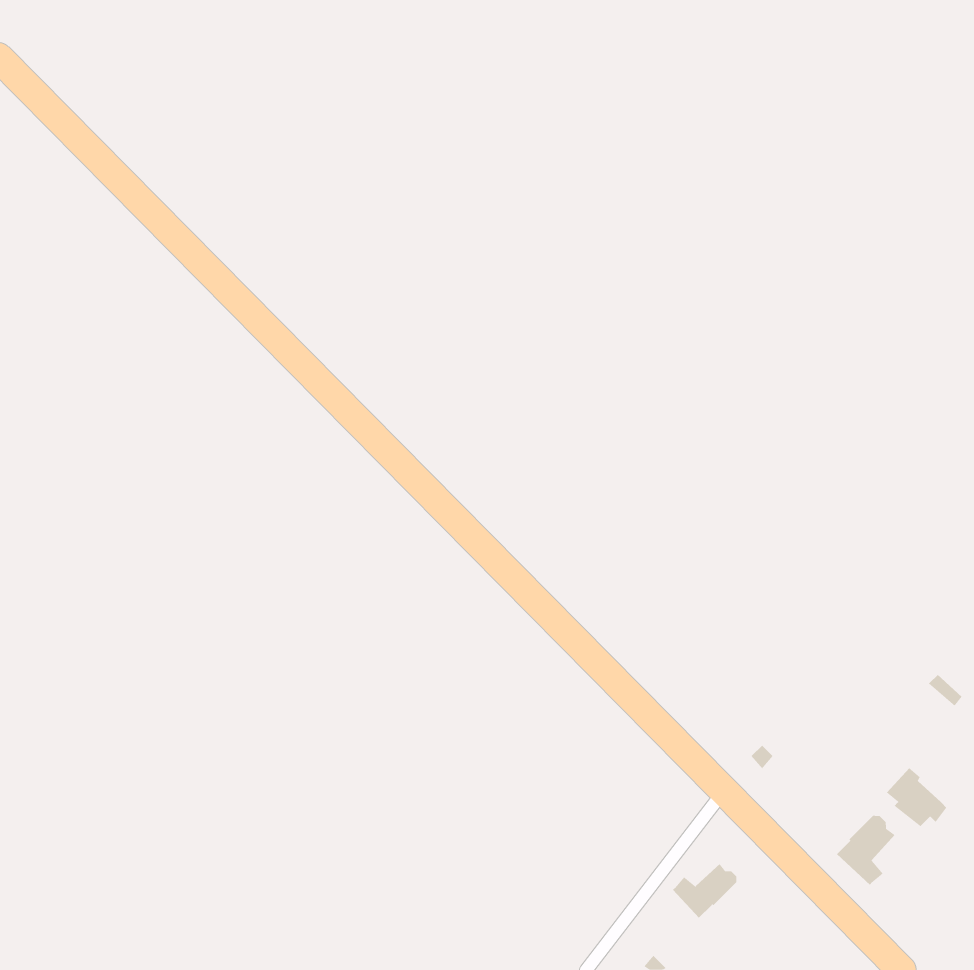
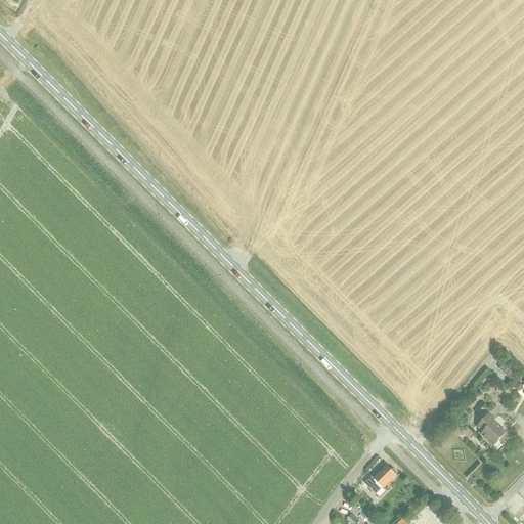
building: [836,815,896,885] -> none

